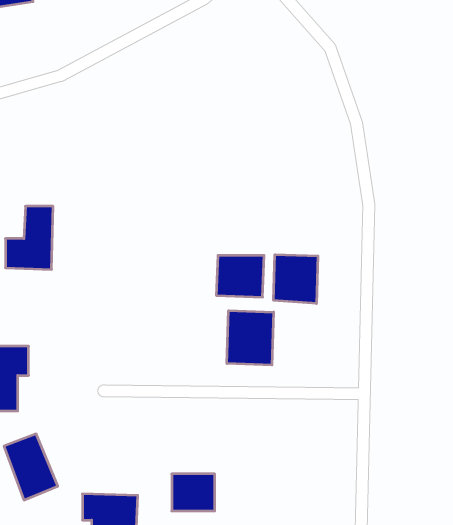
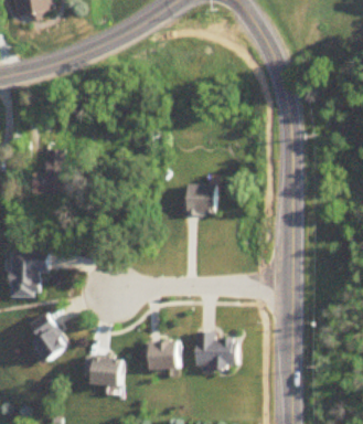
building: [274,255,318,304] -> none
building: [227,311,274,365] -> none
building: none -> [196,332,238,368]

